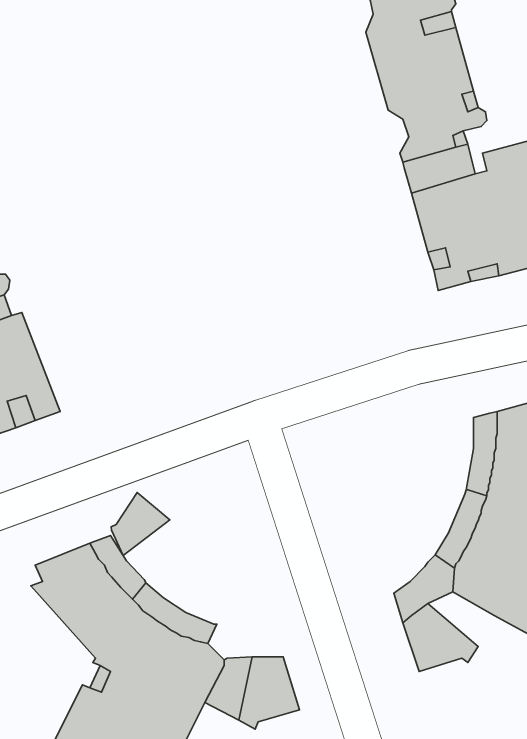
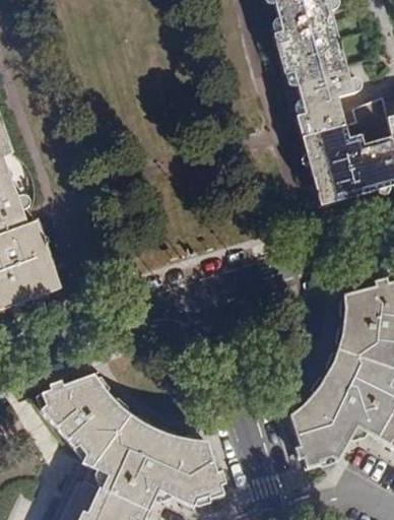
building: [111,493,170,555] -> none
building: none -> [314,410,359,448]
building: none -> [162,433,214,457]

